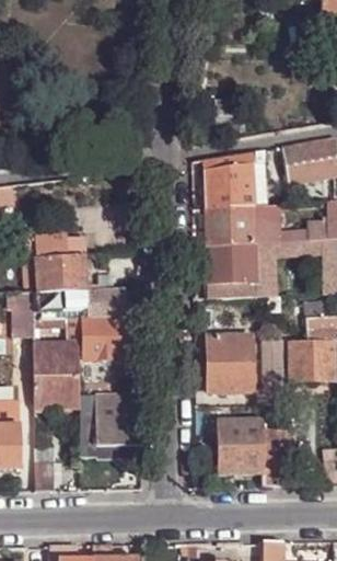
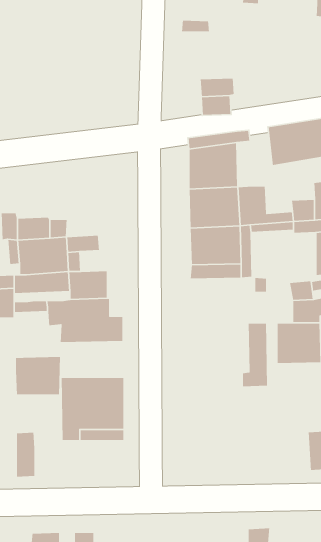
building: [207,333,253,390] -> none
building: [32,341,78,373] -> none
building: [216,417,284,485] -> none

